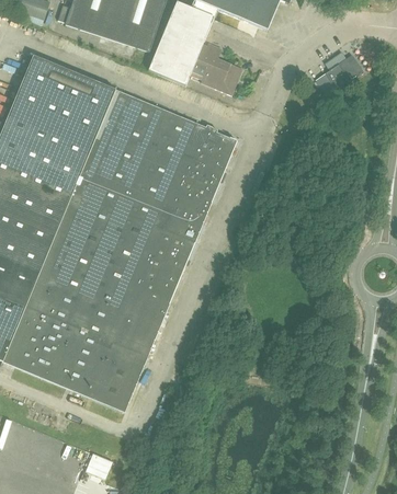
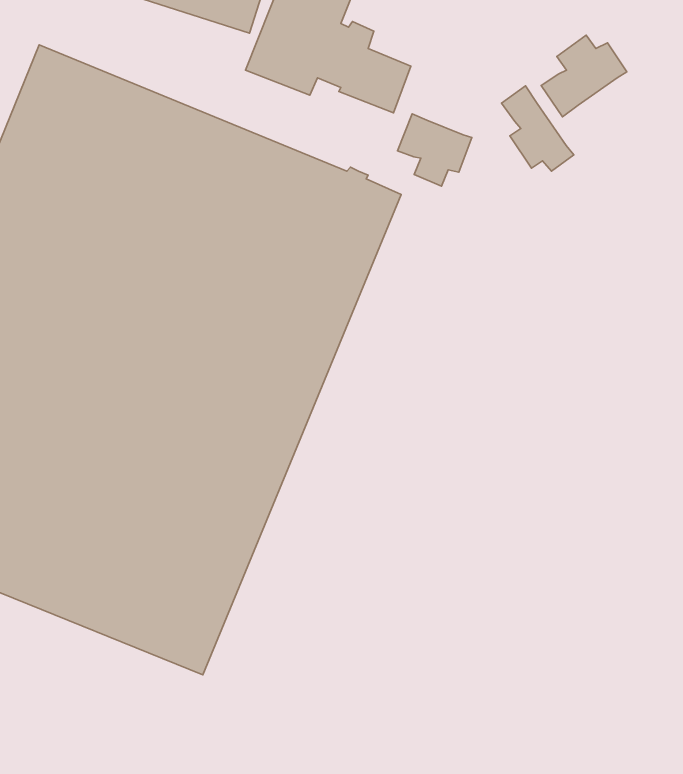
building: none -> [501,86,574,171]
building: none -> [398,114,472,186]

